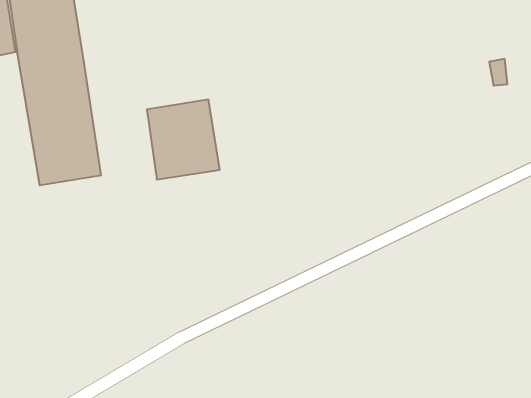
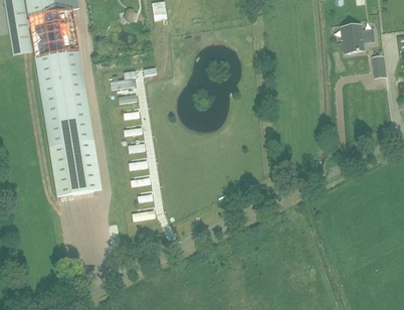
building: none -> [340,24,373,52]
building: [147,100,220,180] -> [48,139,100,196]

